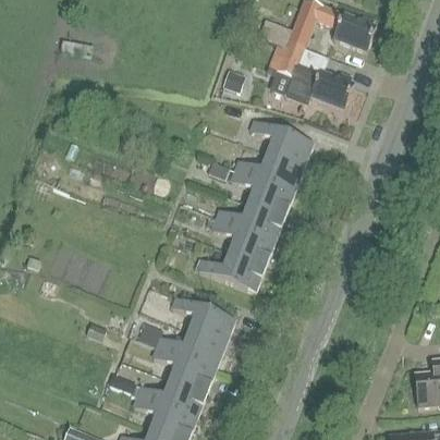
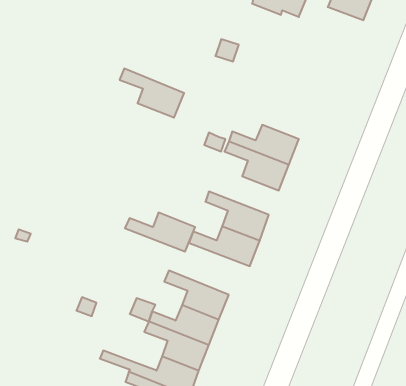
building: [277,41,354,109] -> none
building: [250,120,314,168] -> [120,69,184,118]
building: [216,204,284,242] -> [125,213,195,252]

